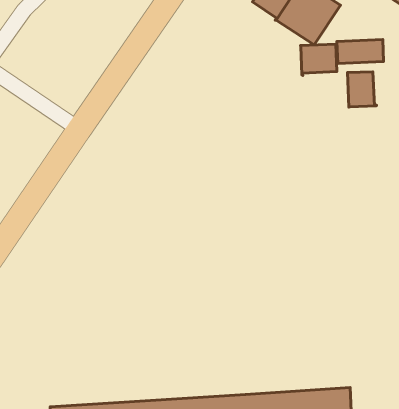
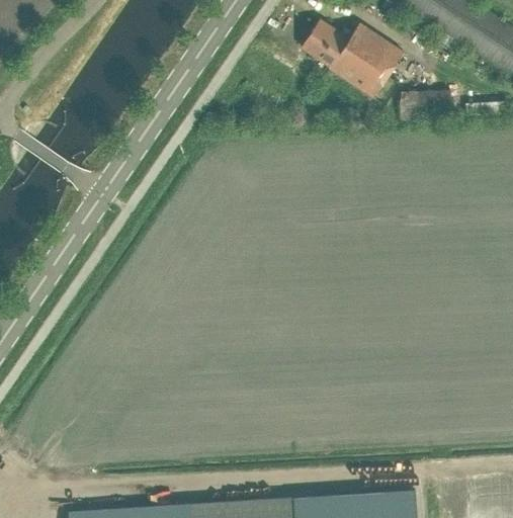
building: [301,44,337,75] -> none
building: [348,72,377,107] -> none

